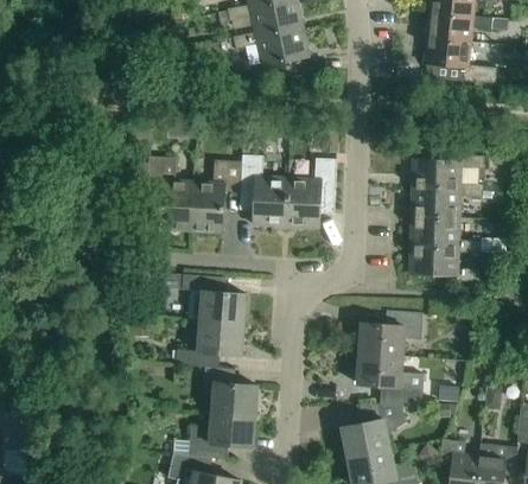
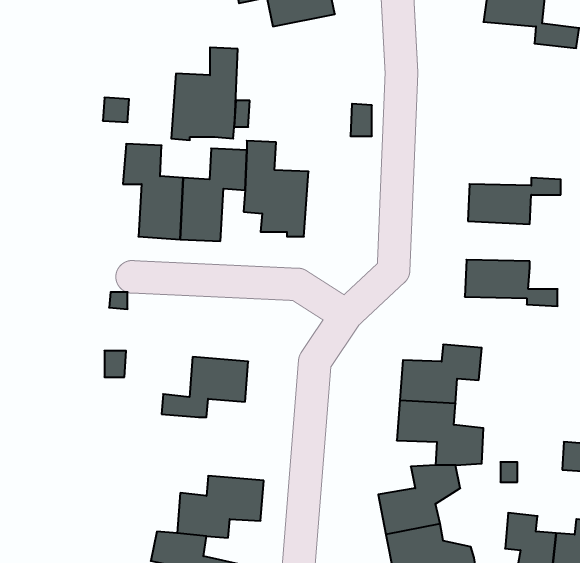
building: [412,155,484,189] -> none
building: [285,158,336,229] -> [171,47,238,140]
building: [409,216,481,253] -> none
building: [182,274,244,324] -> none
building: [203,367,256,415] -> none

